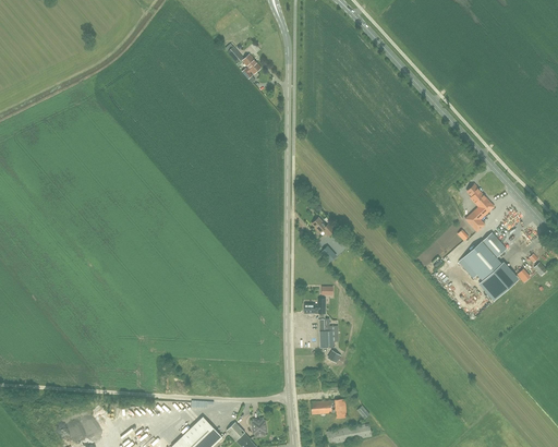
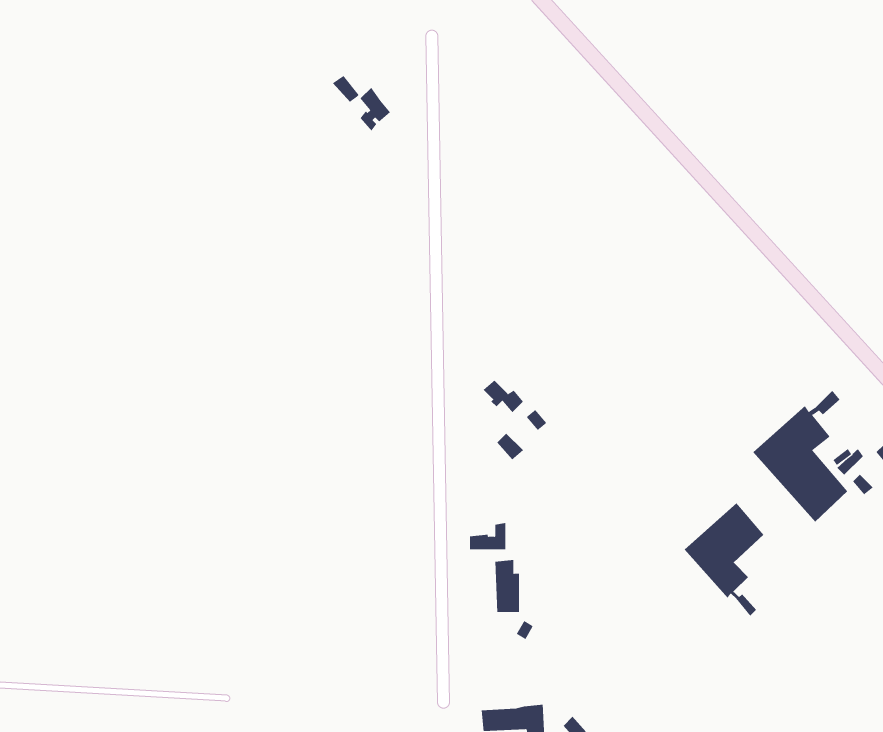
building: [465,183,494,231] -> none
building: none -> [684,502,764,616]

